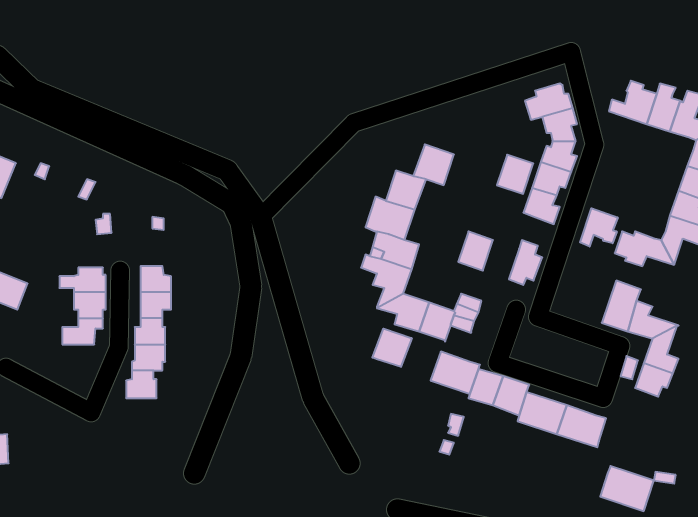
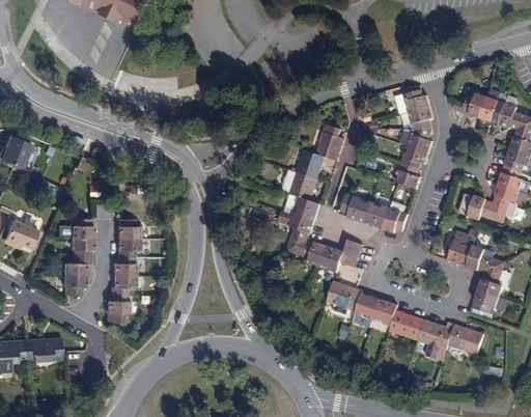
building: [497,155,533,194] -> [364,201,390,229]
building: [580,208,618,247] -> none
building: [372,329,412,367] -> none
building: none -> [63,276,87,295]
building: none -> [24,338,61,361]
building: [600,466,654,511] -> [447,324,485,356]

